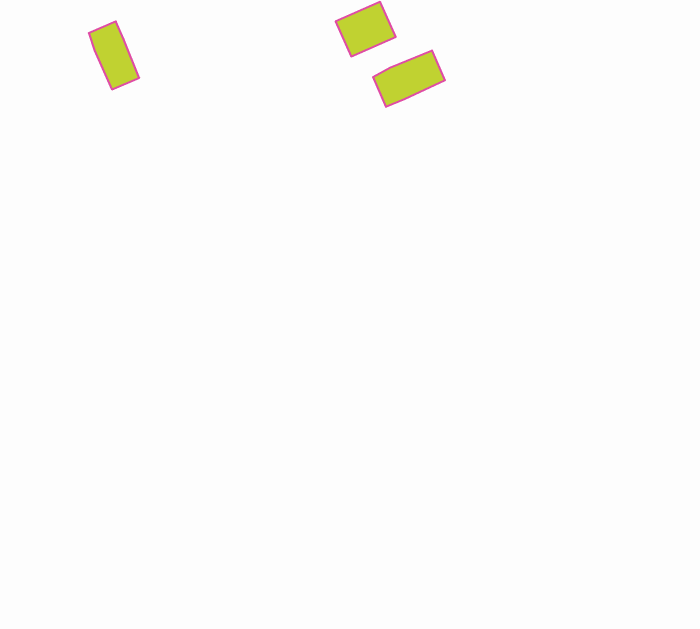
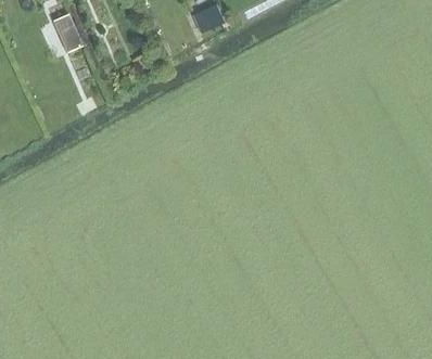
building: [373,50,445,107] -> none

